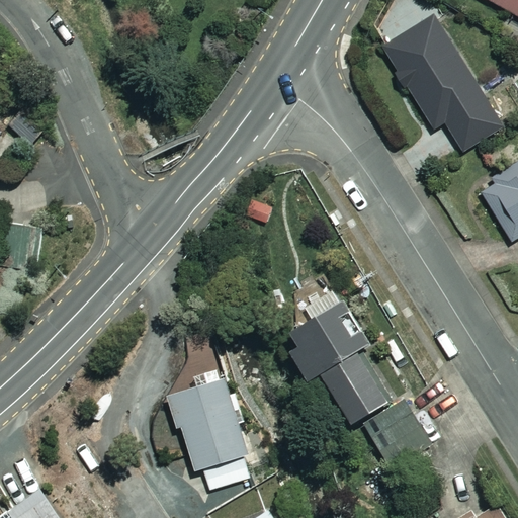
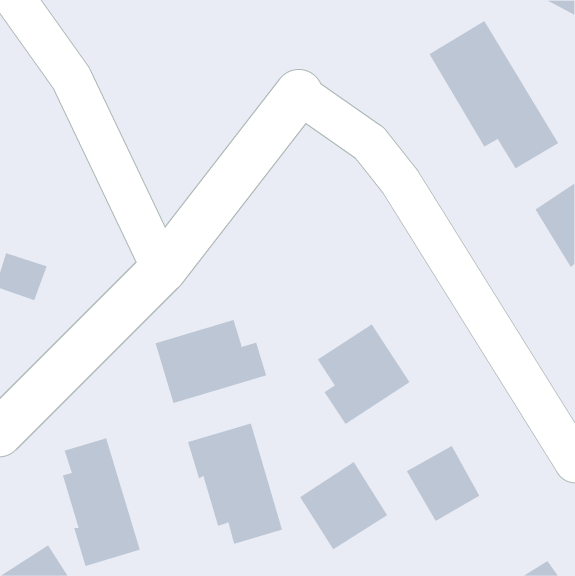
building: none -> [155,319,267,404]
building: [323,344,403,424] -> [299,461,388,550]
building: none -> [62,437,140,567]

